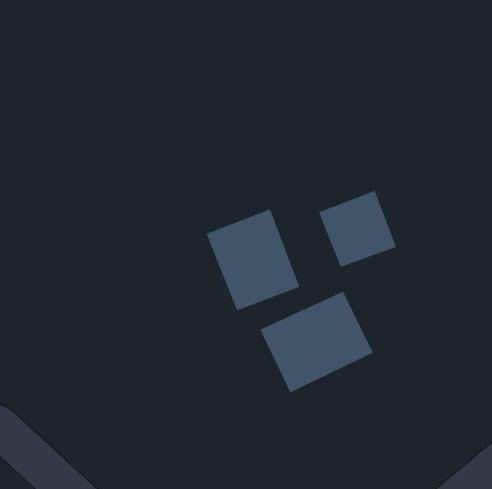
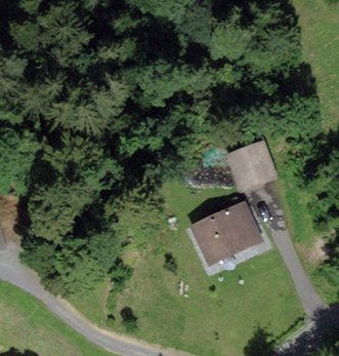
building: [206,209,300,311] -> none

